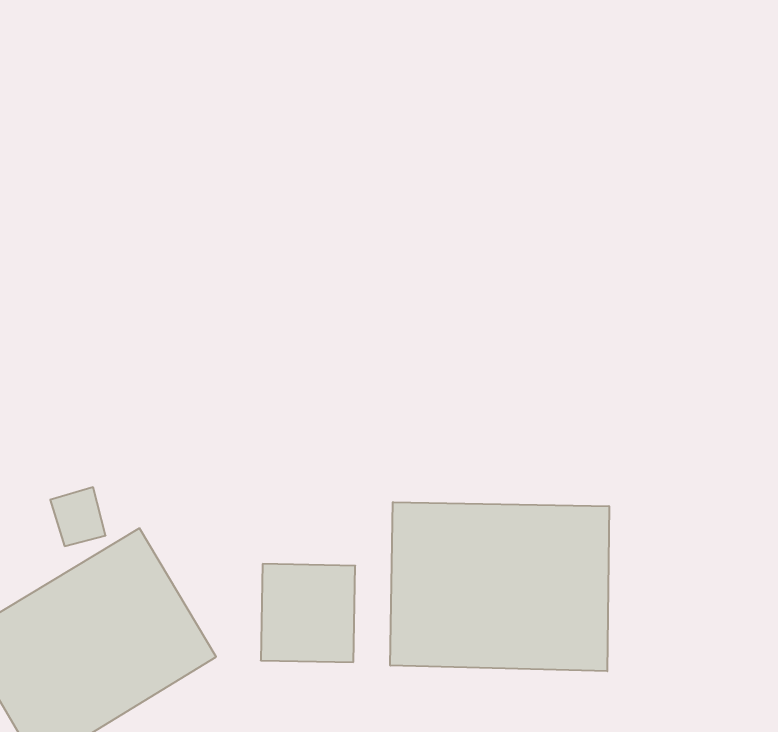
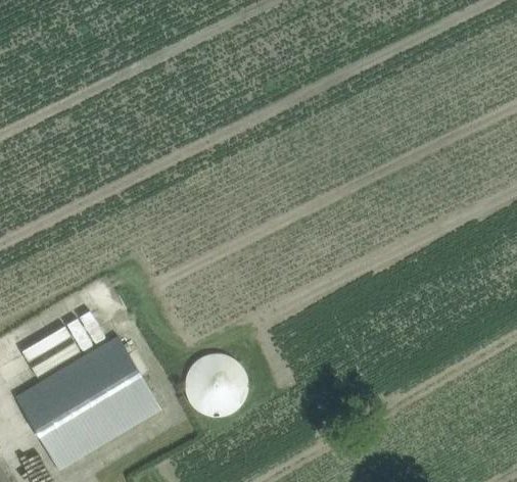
building: [390,502,609,671] -> none

